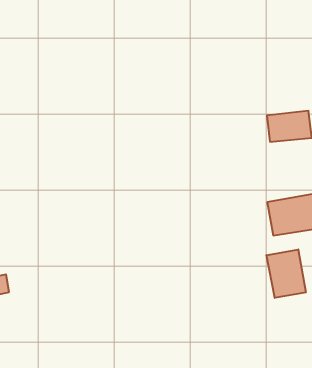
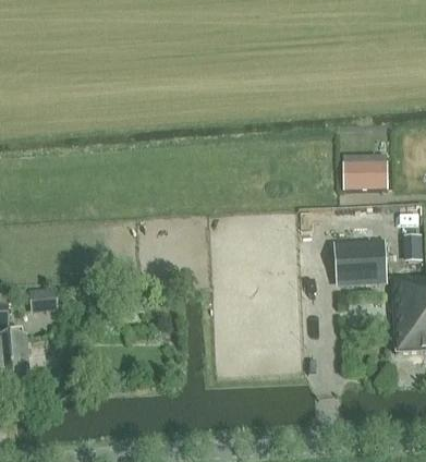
building: [266,249,306,298] -> none

